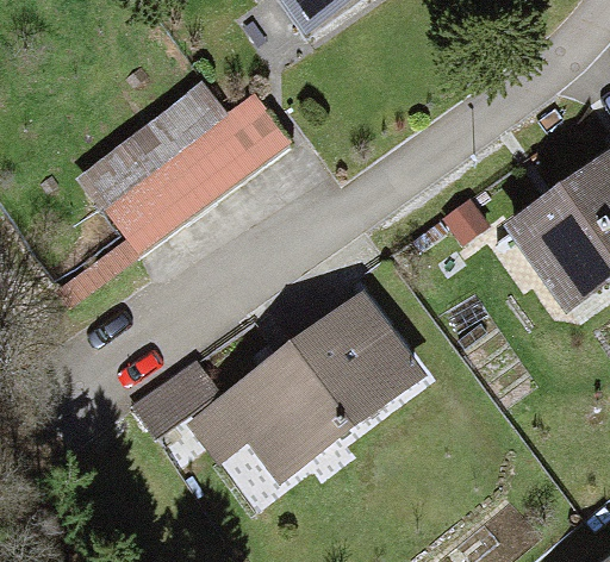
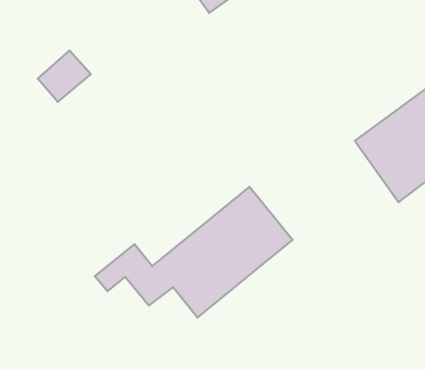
building: [105,101,281,257] -> none

